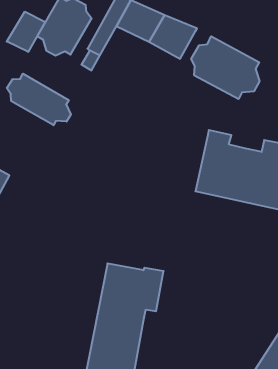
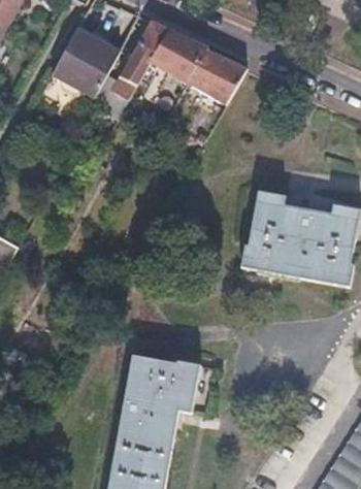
building: [7,12,45,52] -> none
building: [191,36,259,99] -> none
building: [7,74,71,125] -> none

